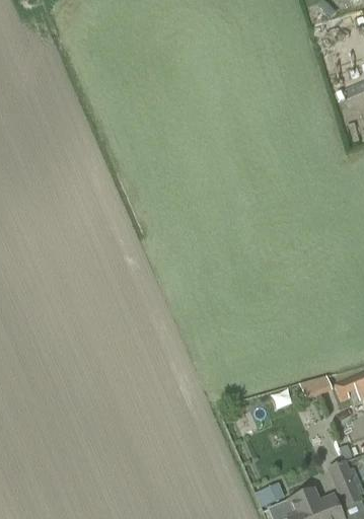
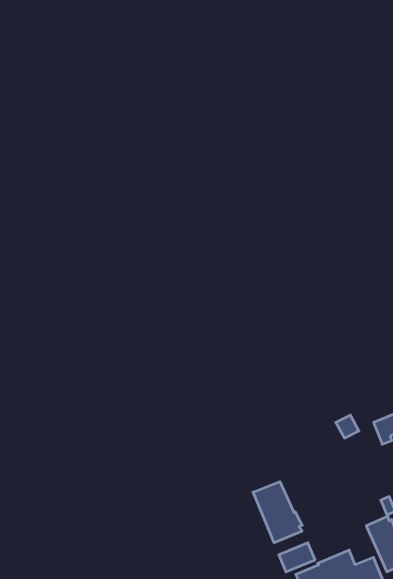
building: none -> [253,482,302,543]

